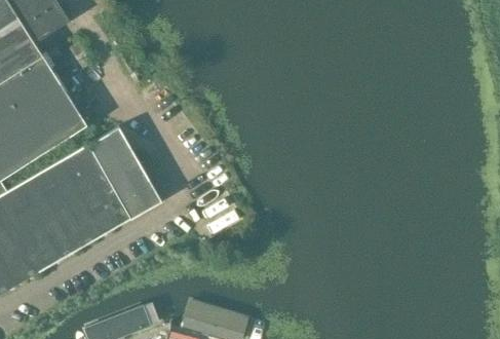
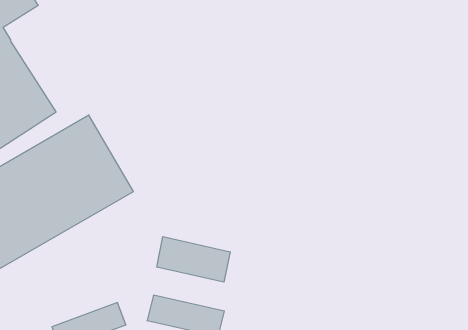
building: none -> [157,237,230,282]

